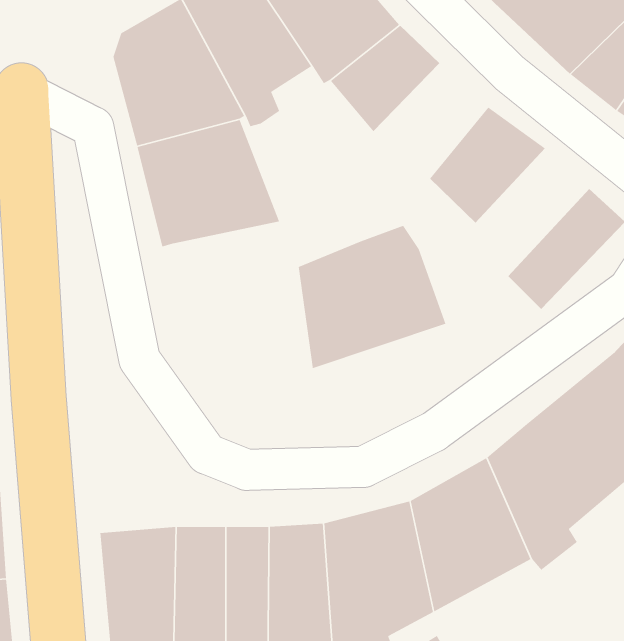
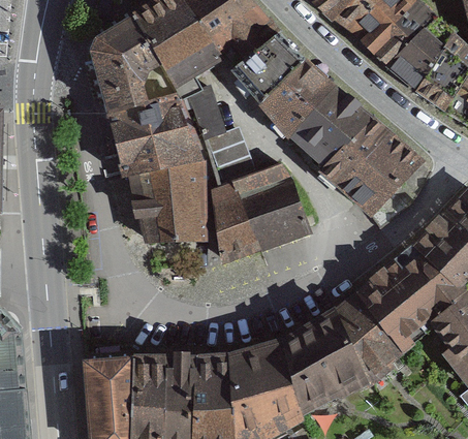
building: none -> [260,59,335,138]
building: none -> [188,87,252,187]
building: none -> [319,114,400,196]
building: none -> [131,161,200,240]

